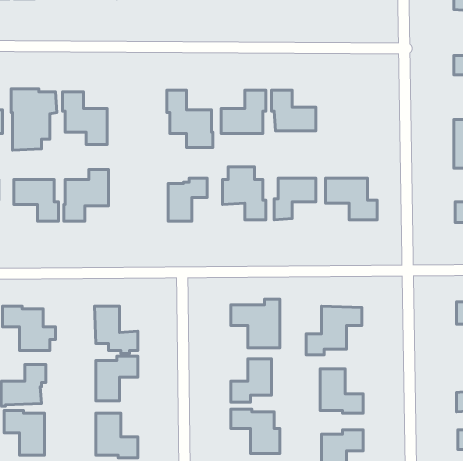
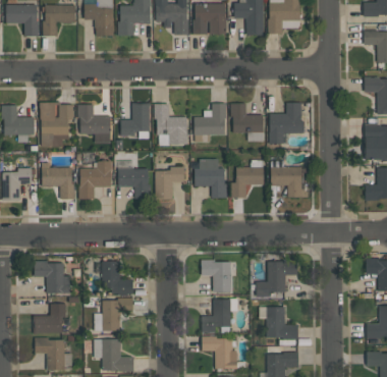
building: none -> [270,103,305,144]
building: none -> [121,104,151,136]
building: none -> [119,168,149,199]

